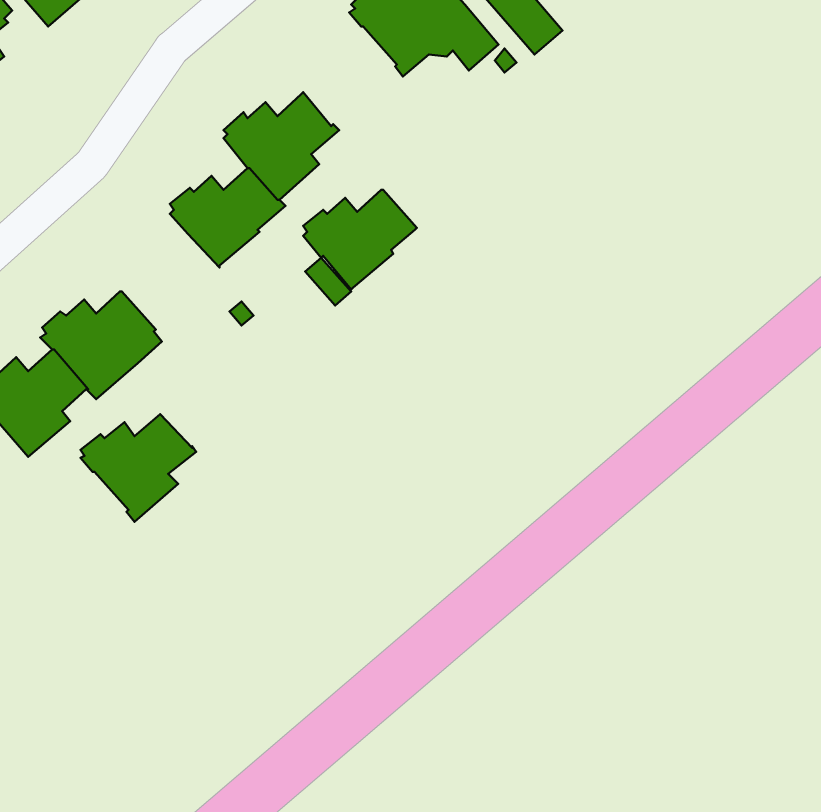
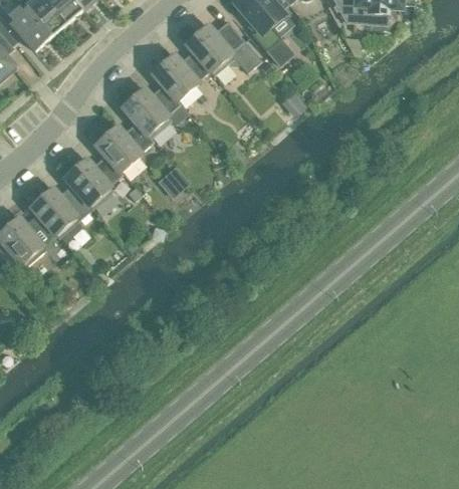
building: [303,190,417,290] -> [152,50,209,100]
building: [81,414,196,522] -> [63,155,122,209]

